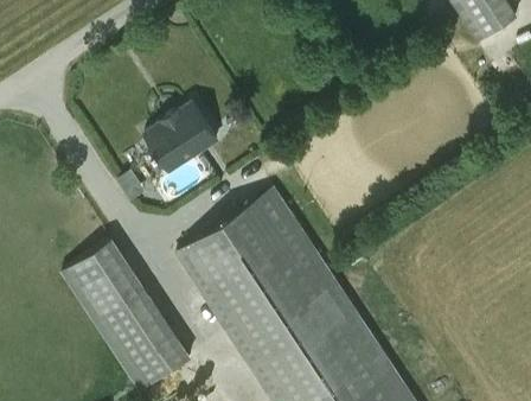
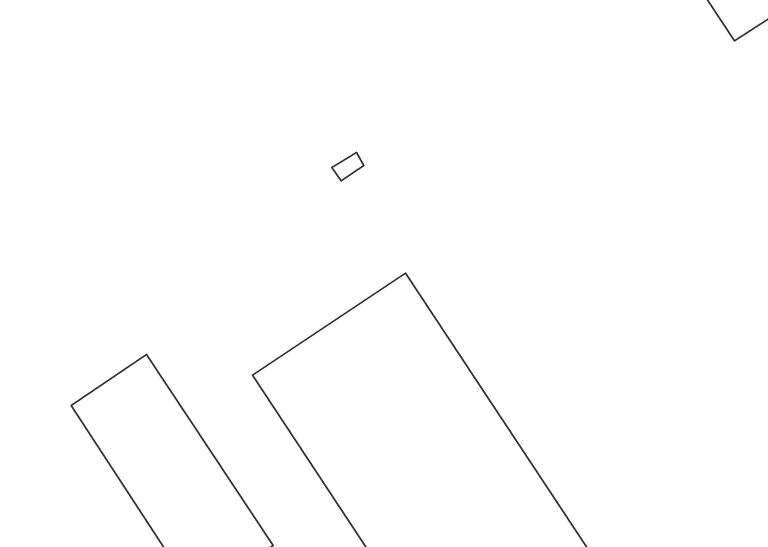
building: [146,103,218,173] -> none

